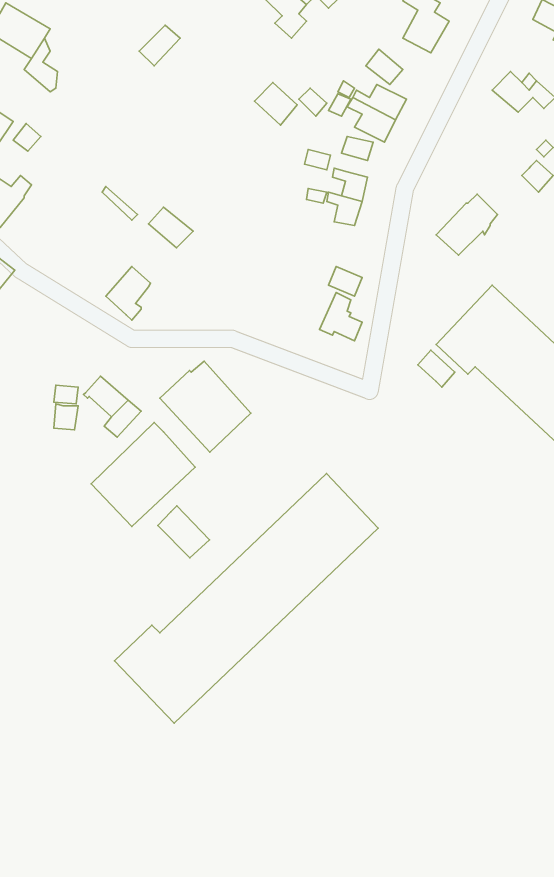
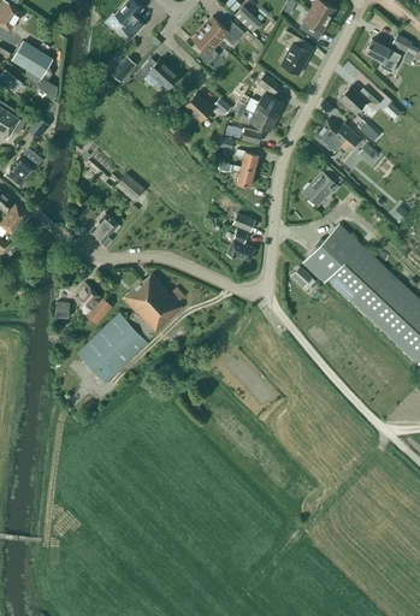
building: none -> [137,58,179,90]
building: none -> [314,120,361,153]
building: [115,474,378,723] -> none
building: [158,506,209,558] -> none

